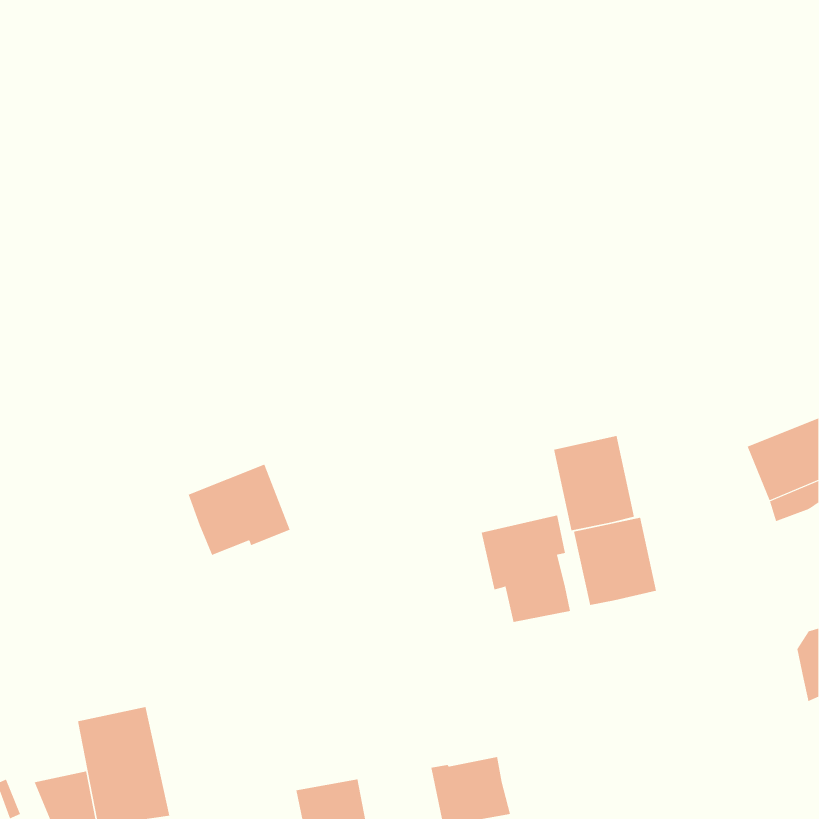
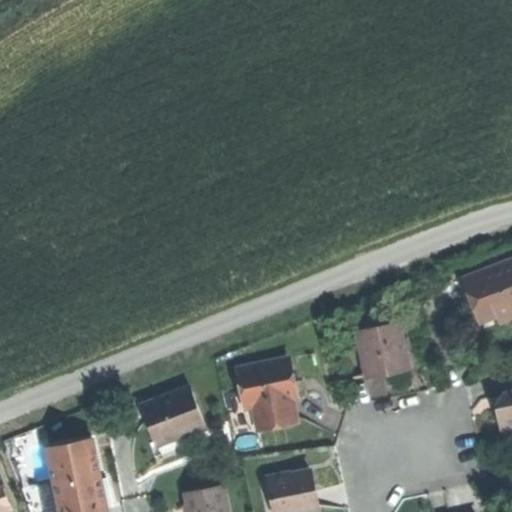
building: [553,435,635,531] -> none
building: [188,464,290,560] -> [141,386,205,446]
building: [481,515,571,622] -> [239,359,295,426]

